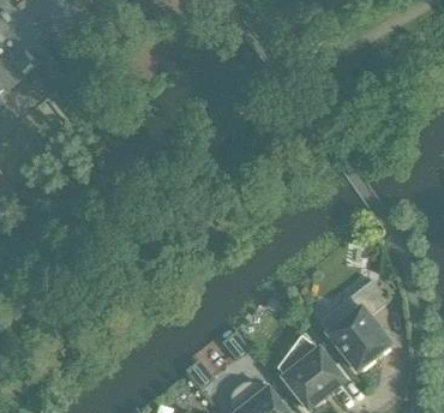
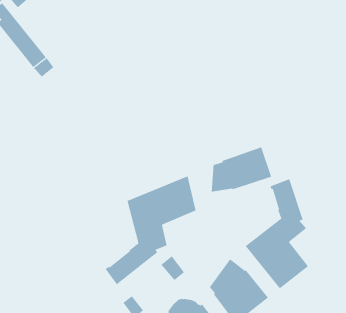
building: none -> [211,147,272,193]
building: none -> [105,176,196,285]

